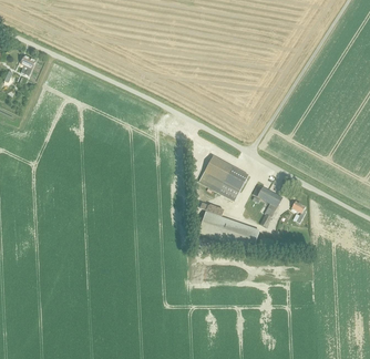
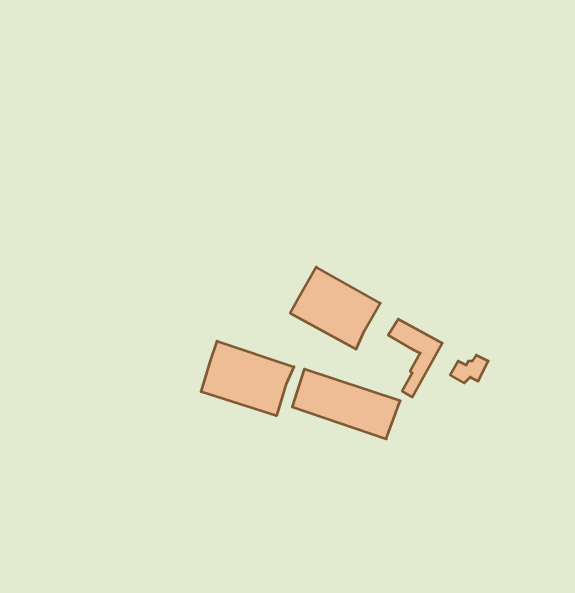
building: none -> [201,341,294,416]

